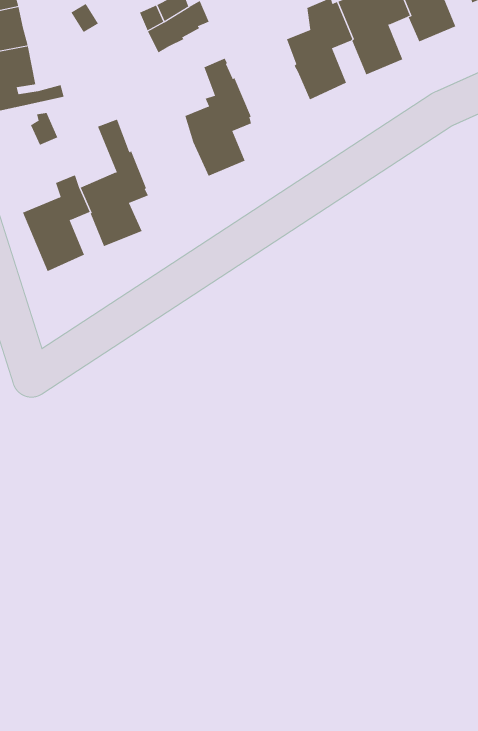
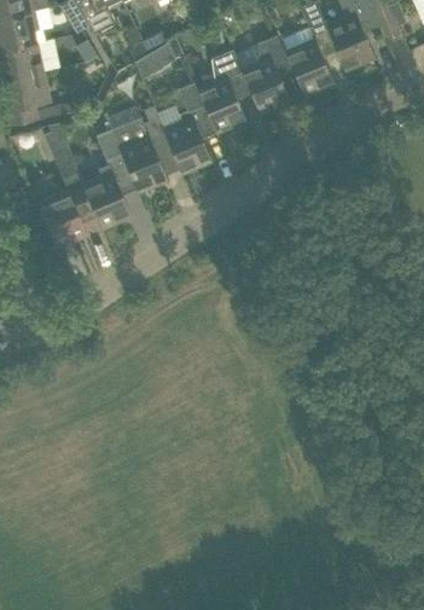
building: none -> [196,50,250,133]
building: none -> [111,117,169,192]

